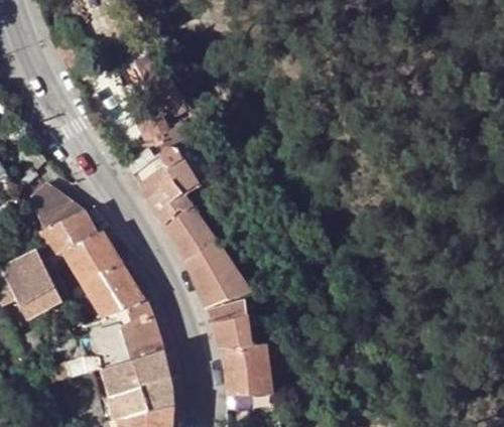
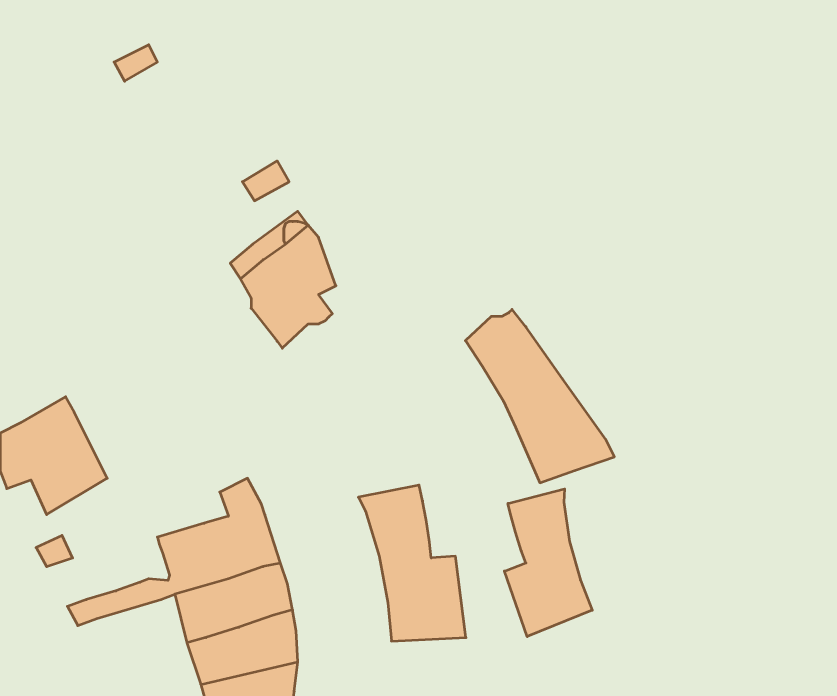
building: [32,185,144,319] -> none
building: [164,205,251,306] -> [465,309,614,483]
building: none -> [504,489,592,637]

